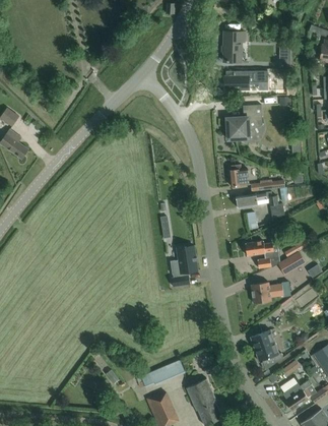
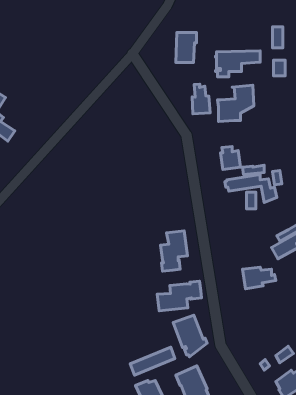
building: [223,32,244,61] -> [176,32,197,63]
building: none -> [192,84,210,114]
building: [245,240,279,267] -> none
building: none -> [157,281,201,311]
building: [250,329,283,370] -> [173,315,207,357]

